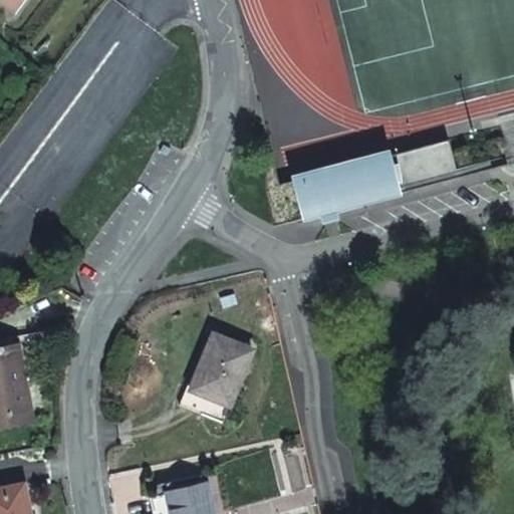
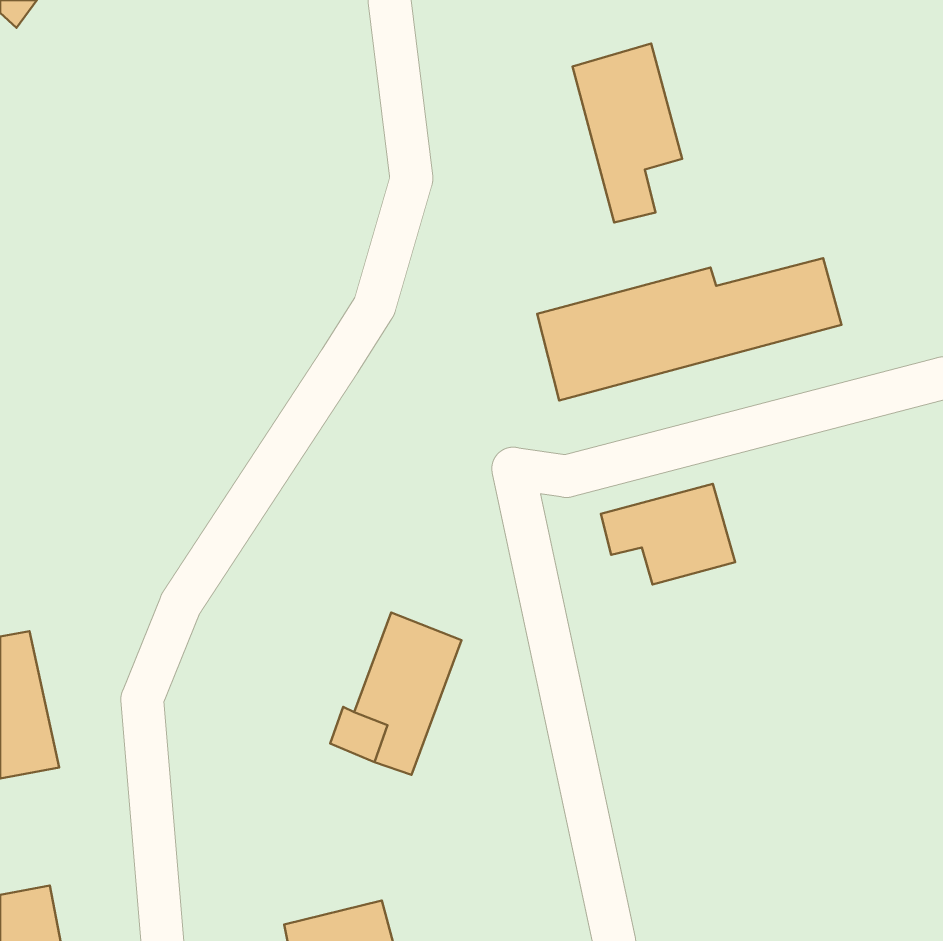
building: none -> [572,43,682,223]
building: none -> [601,484,735,584]

